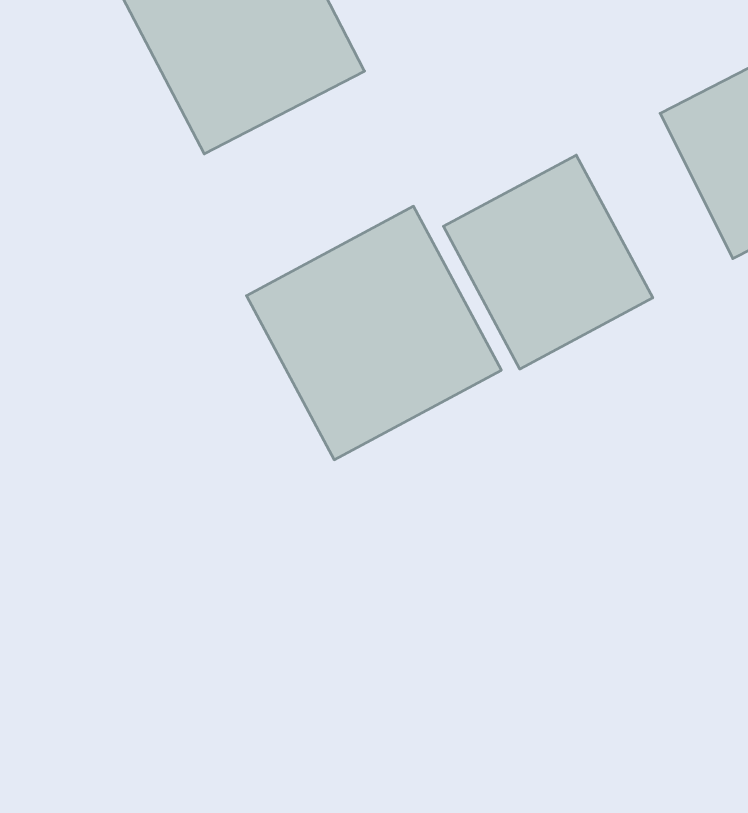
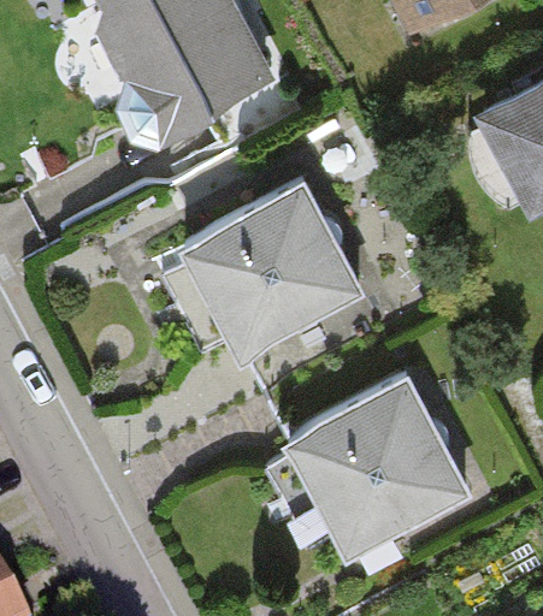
building: [443,155,653,369] -> none
building: none -> [285,375,467,556]

